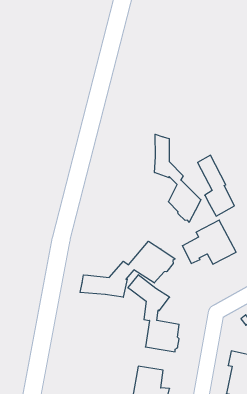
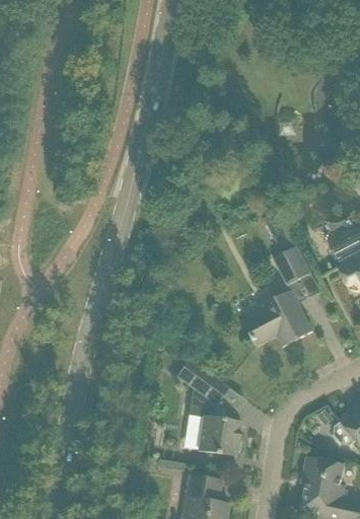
building: [155,134,201,222] -> none
building: [80,241,175,297] -> none

